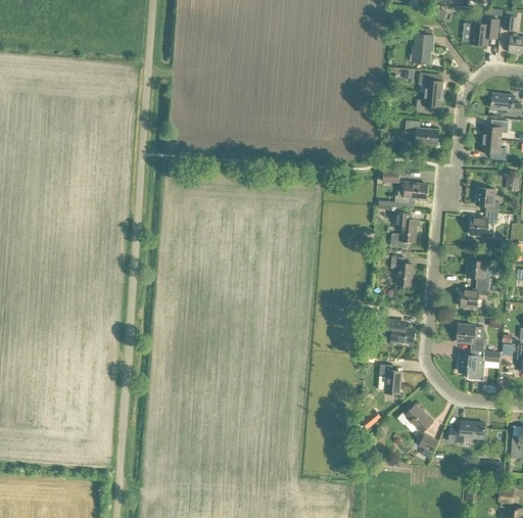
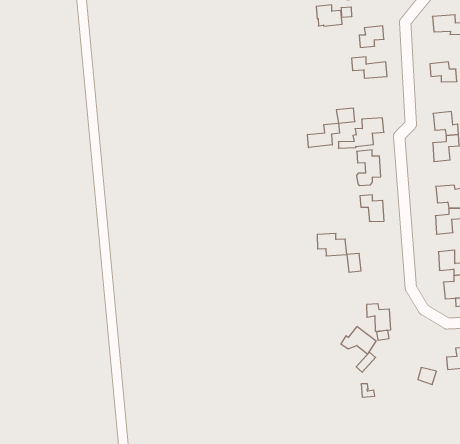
building: [419,73,443,94] -> [316,5,342,26]
building: [482,120,509,140] -> none
building: none -> [308,123,339,148]
building: [385,319,414,343] -> [317,233,347,256]
building: [397,404,432,432] -> [341,327,376,354]

